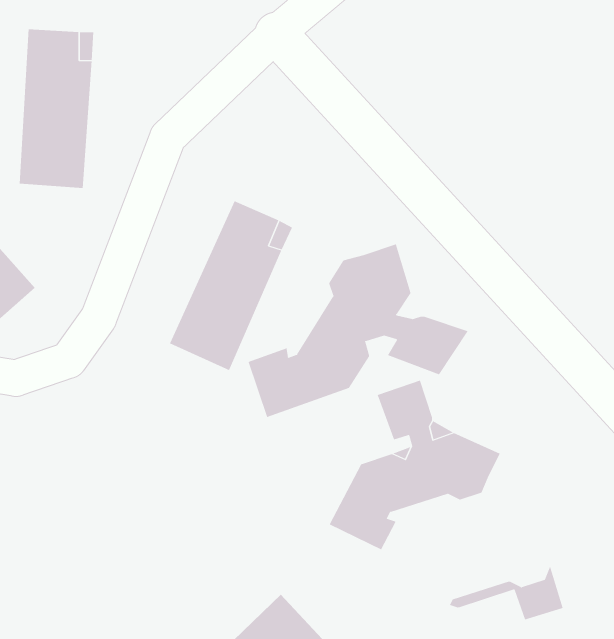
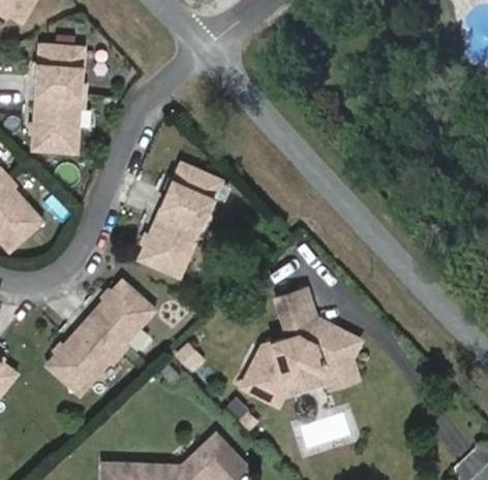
building: [248,244,469,418] -> none
building: none -> [44,280,156,395]
building: [449,564,564,620] -> [285,353,364,391]

